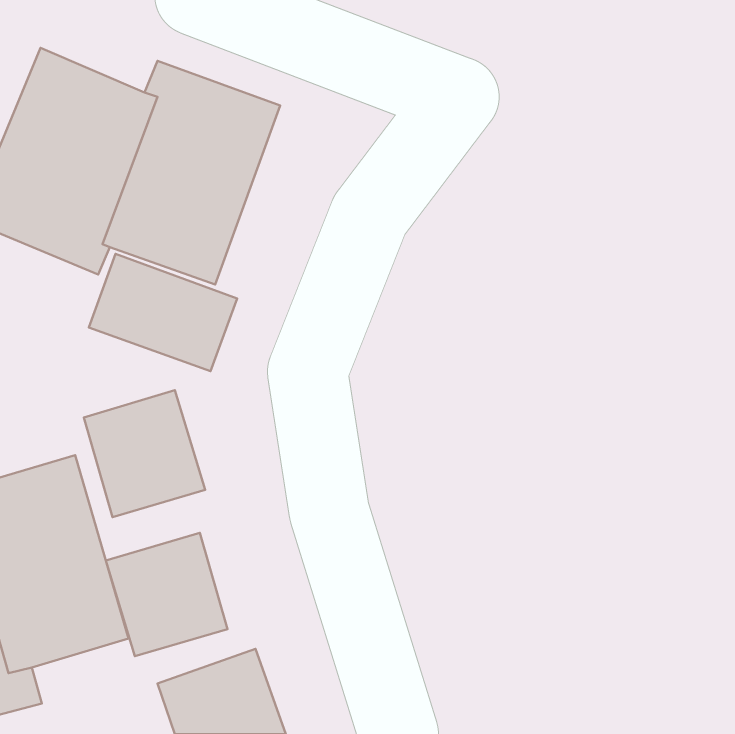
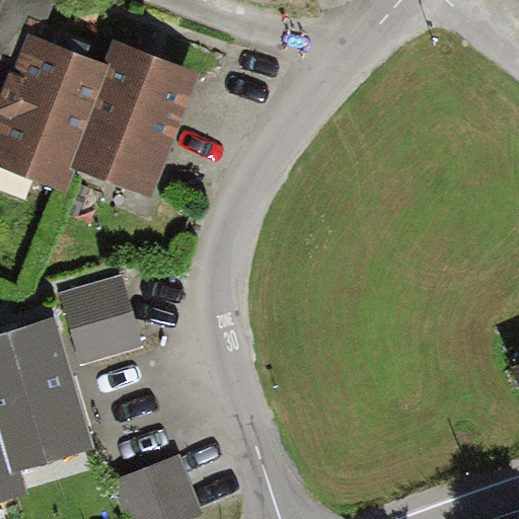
building: [89,254,237,371] -> none
building: [106,533,227,656] -> none

